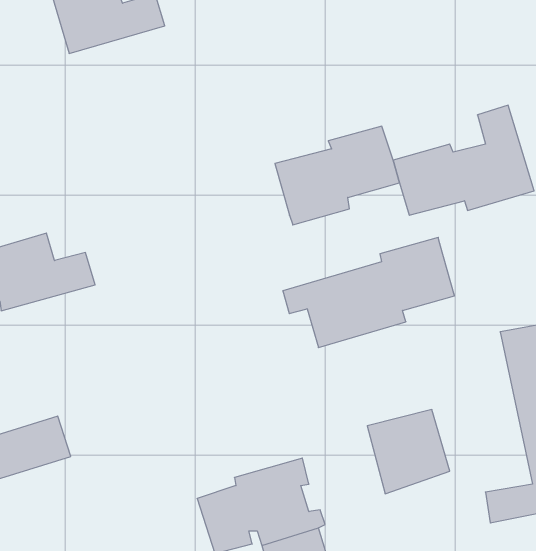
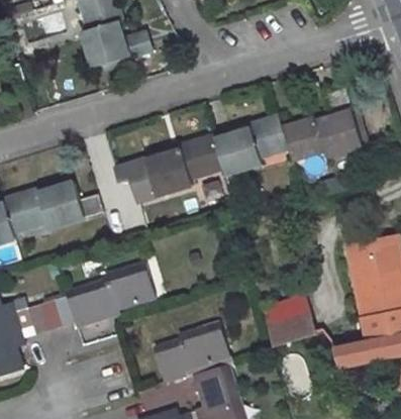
building: [283,237,454,348] -> [107,135,214,204]
building: none -> [69,265,153,327]

